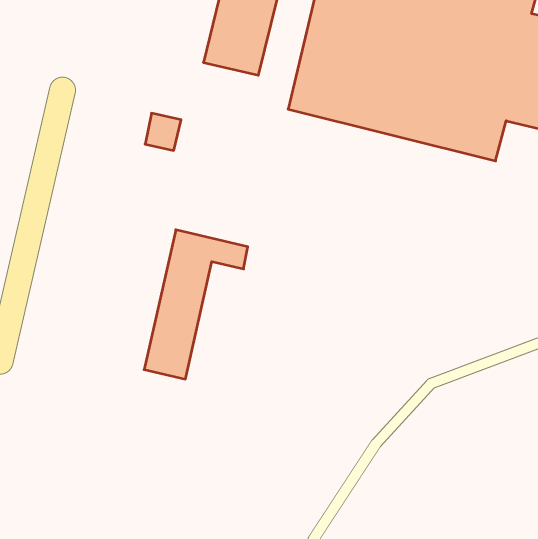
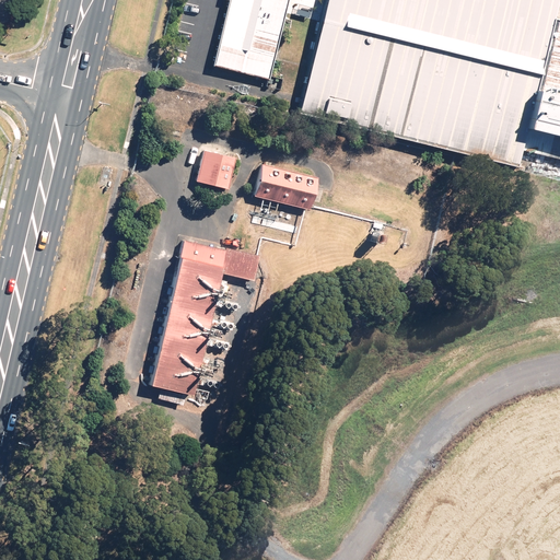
building: [145,113,181,150] -> [199,149,236,187]
building: none -> [257,163,318,207]

